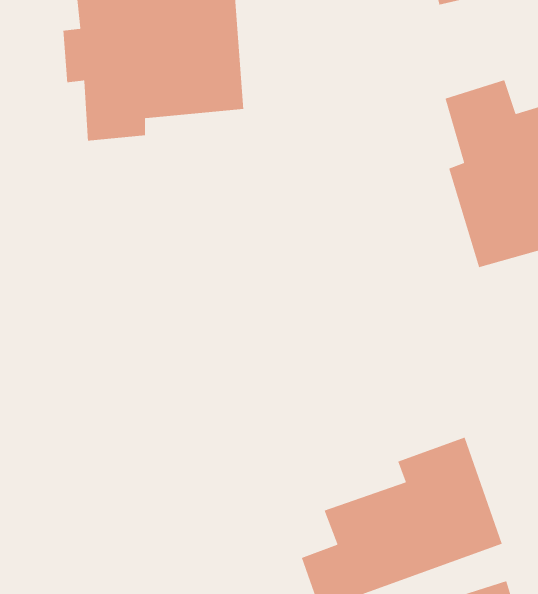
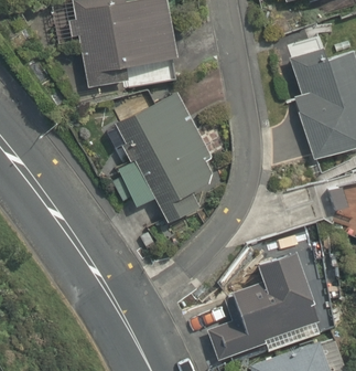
building: none -> [115,96,220,214]

